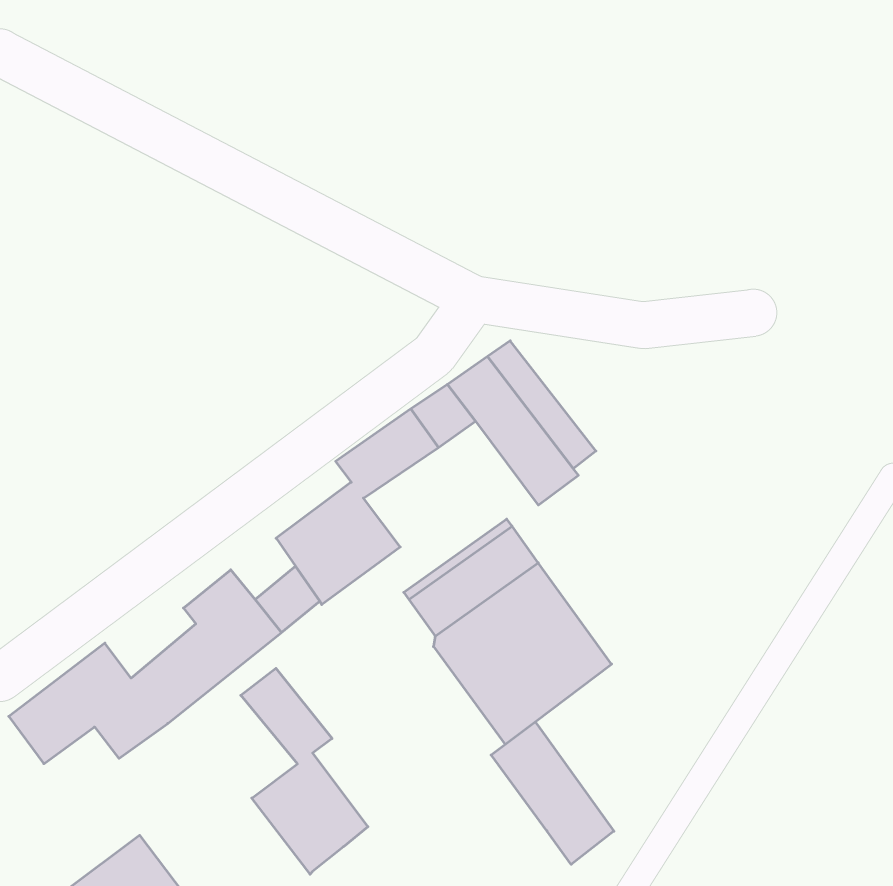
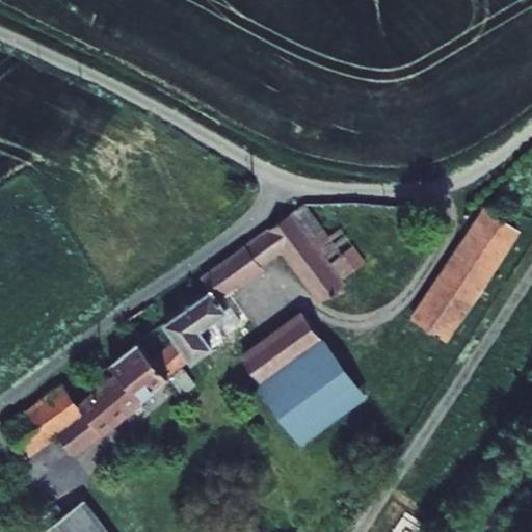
building: none -> [413,211,517,341]
building: [241,668,368,874] -> none
building: [491,722,614,864] -> none

